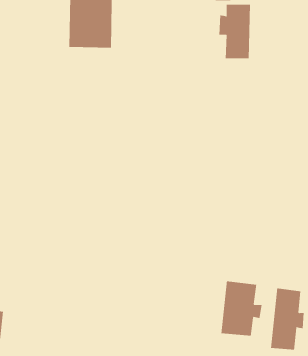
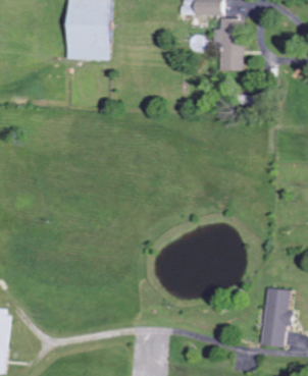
building: [221,281,262,336] -> none

